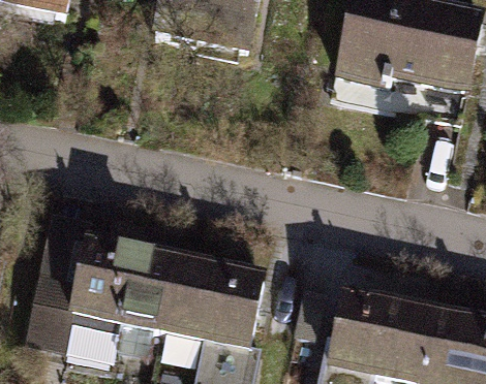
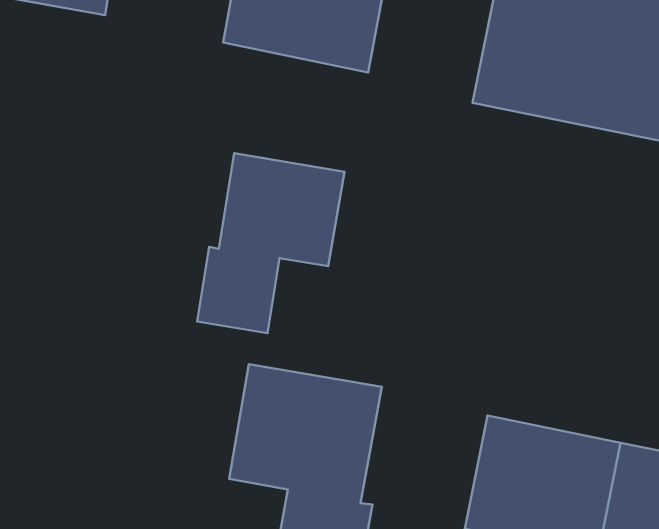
building: none -> [197,153,344,333]
building: [21,236,174,361] -> none

